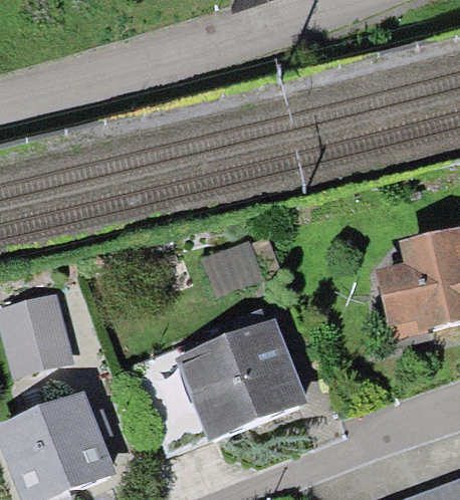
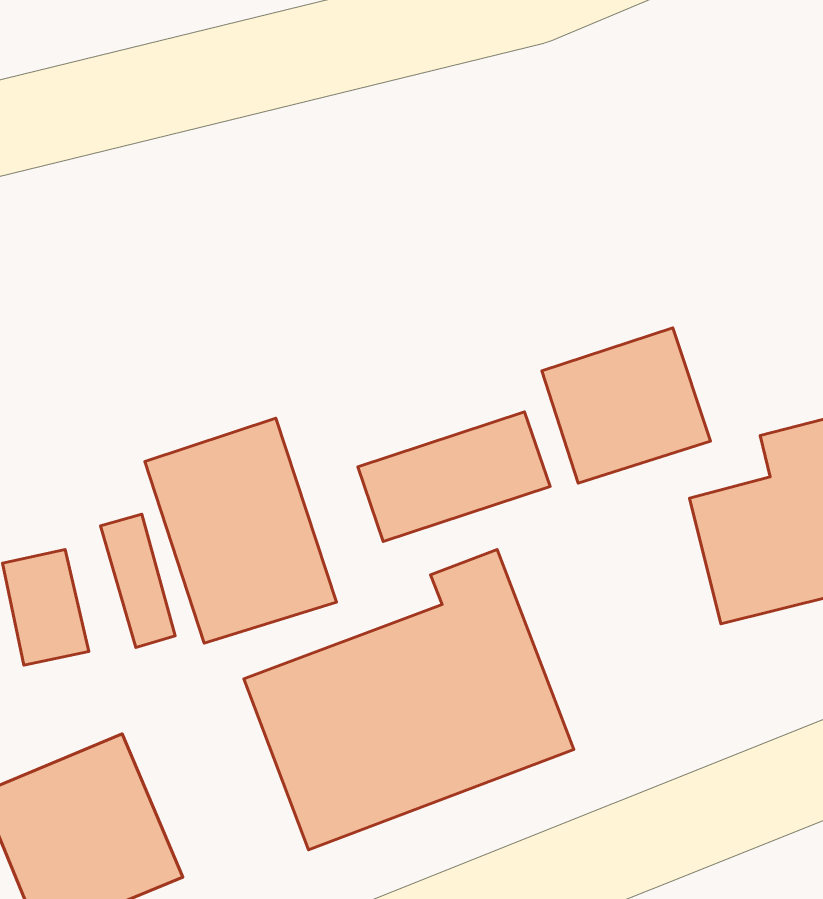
building: none -> [542,328,710,483]
building: none -> [145,418,336,643]

